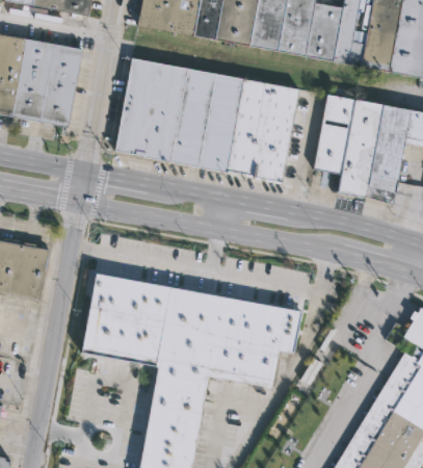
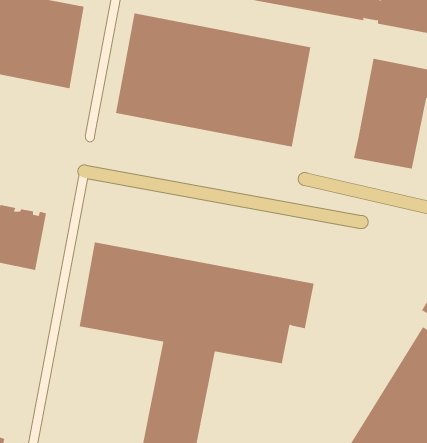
building: [315,94,358,175] -> none

